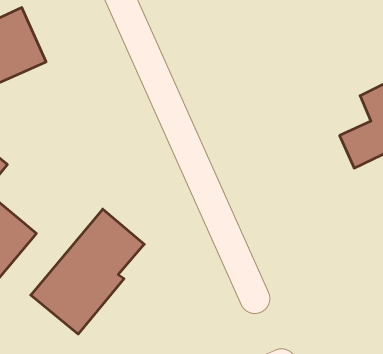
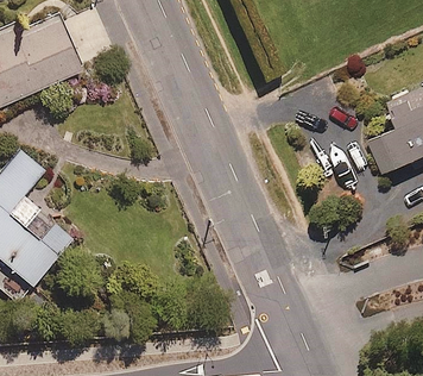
building: [31,209,144,334] -> none

